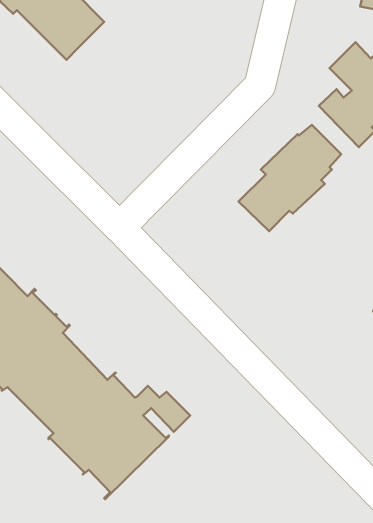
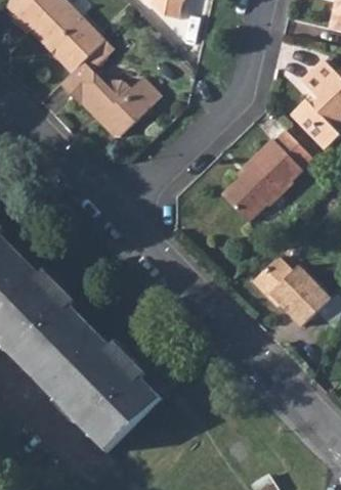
building: none -> [57,62,163,135]
building: none -> [254,255,331,323]

